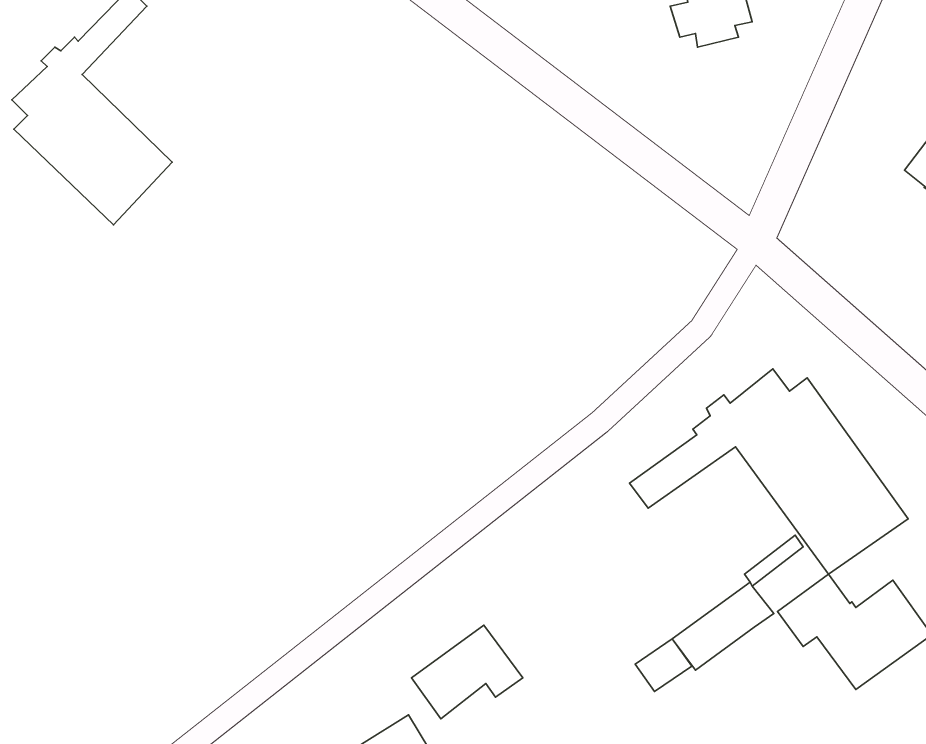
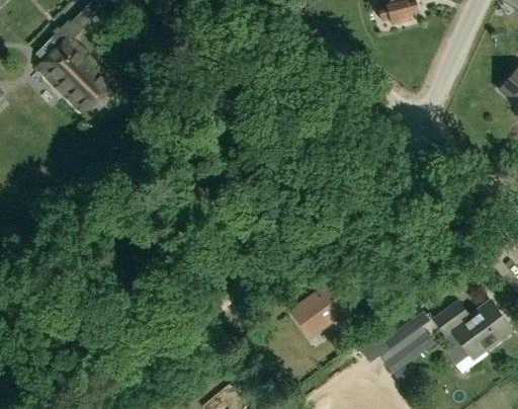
building: [629,369,908,574] -> none
building: [412,625,523,719] -> [292,289,350,337]
building: none -> [379,327,433,375]

